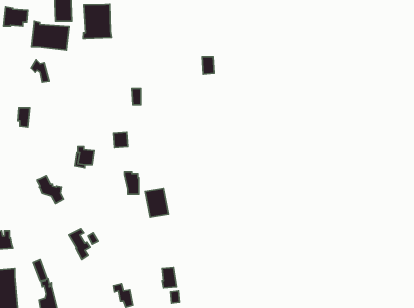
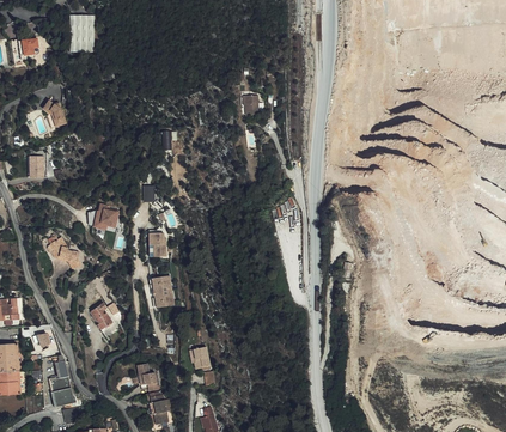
building: [83,4,111,39] -> none
building: [31,21,69,50] -> none
building: [145,189,168,217] -> [148,275,176,309]

